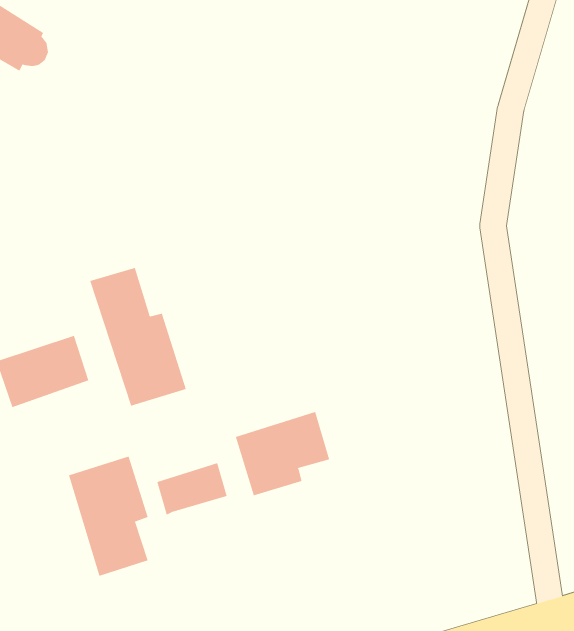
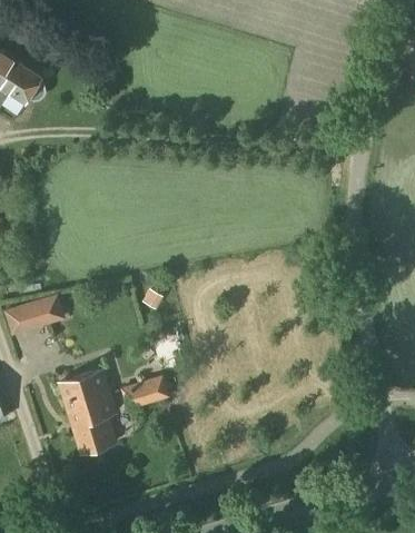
building: [90,267,186,406] -> none
building: [235,411,330,496] -> none

